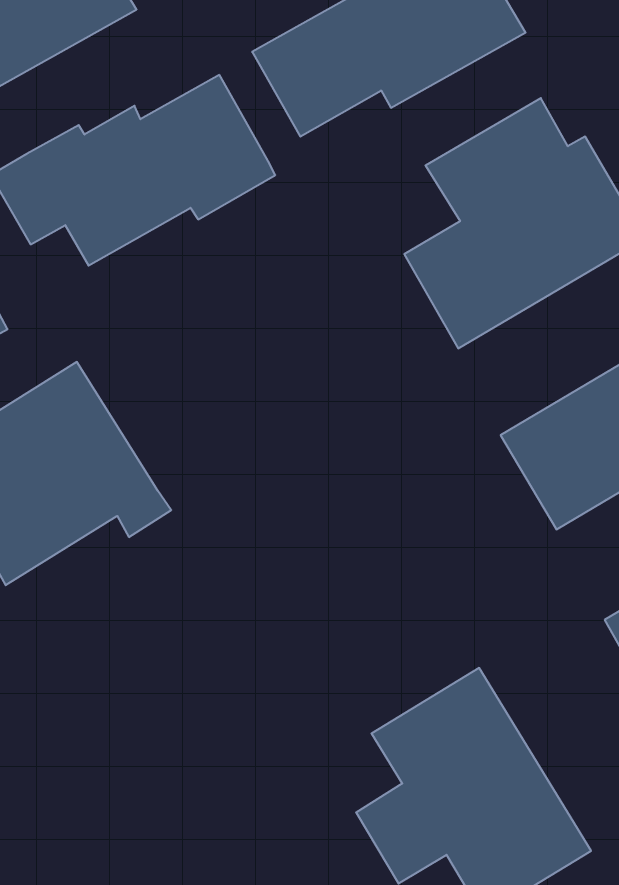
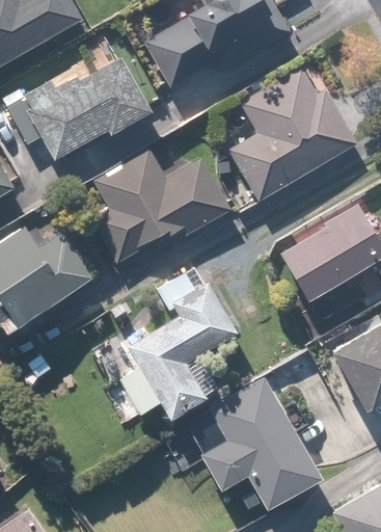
building: none -> [86,149,233,266]
building: none -> [105,263,240,423]

